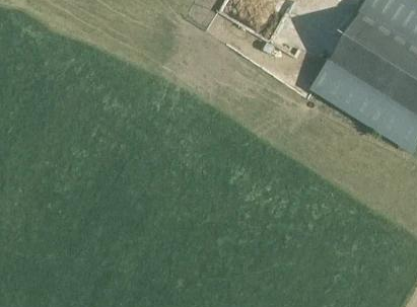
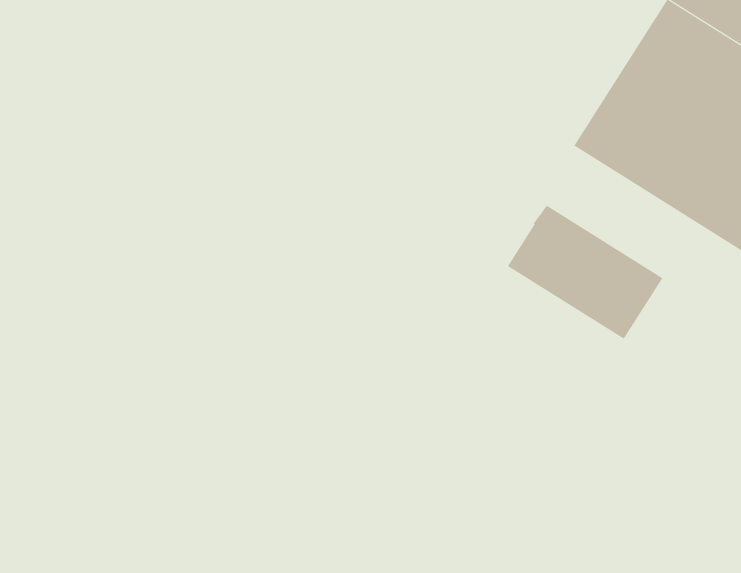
building: none -> [507,205,663,339]

